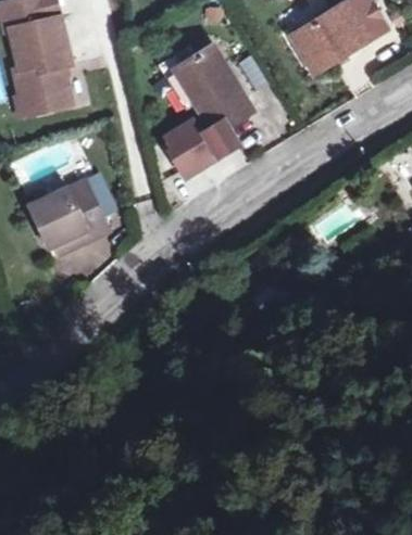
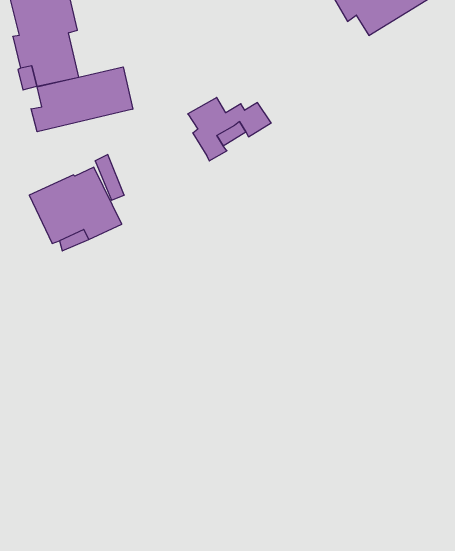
building: [171,44,250,132] -> none
building: none -> [31,67,133,132]

